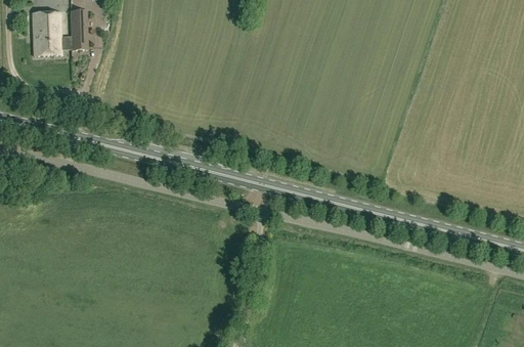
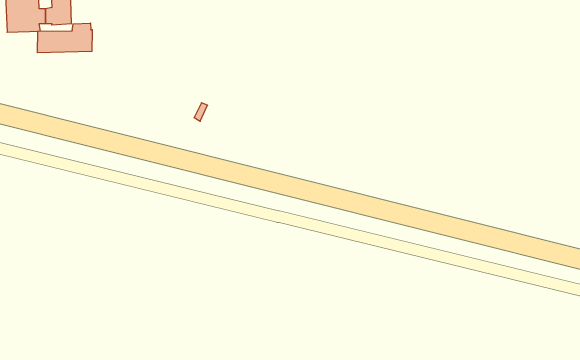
building: none -> [38,23,92,53]

